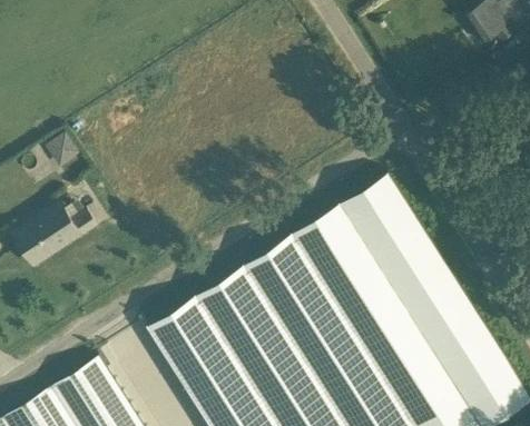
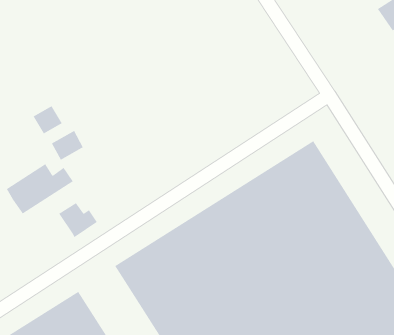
building: none -> [51,130,84,161]
building: none -> [58,202,98,238]

